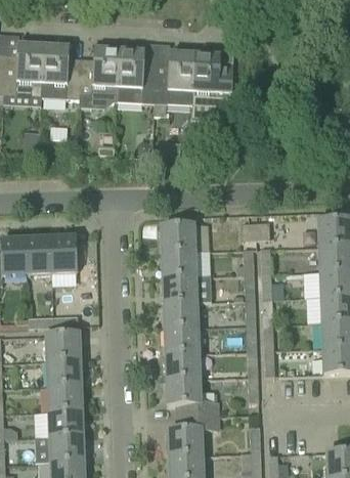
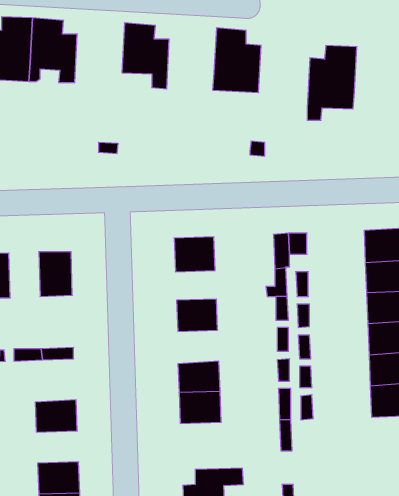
building: [79,47,120,106] -> none
building: [155,51,195,113] -> [307,46,357,120]
building: [25,236,50,274] -> none
building: [162,252,195,276] -> none
building: [164,301,198,329] -> none
building: [45,333,80,360] -> none
building: [166,377,217,416] -> none
building: [47,384,82,410] -> none

